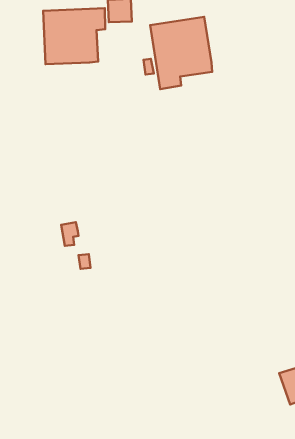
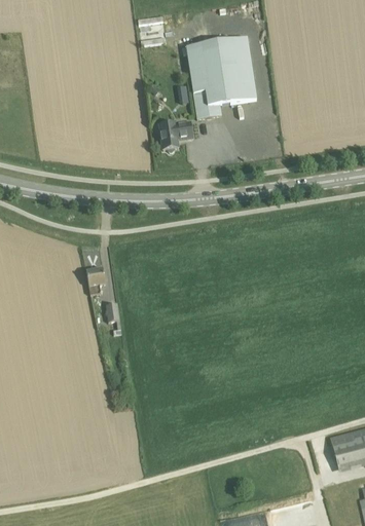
building: [43,8,105,64] -> none
building: none -> [159,121,192,149]

